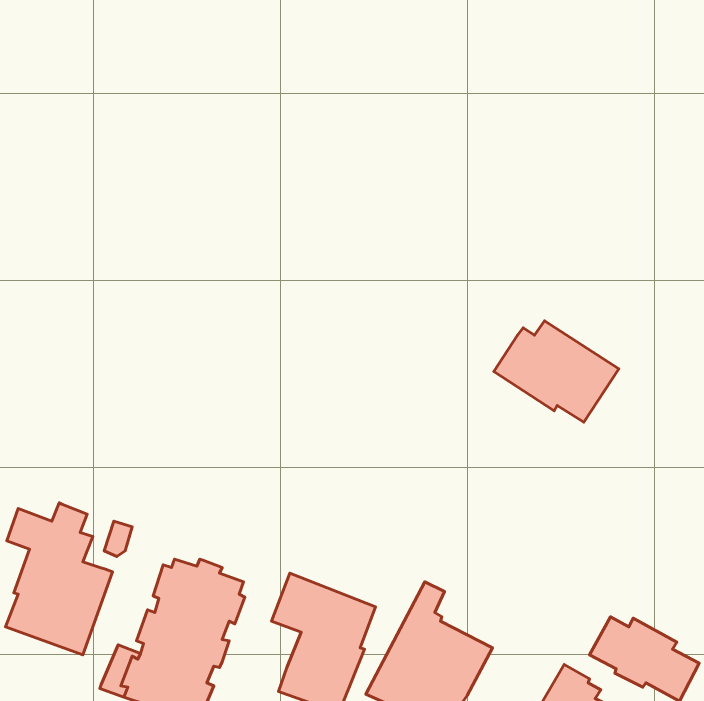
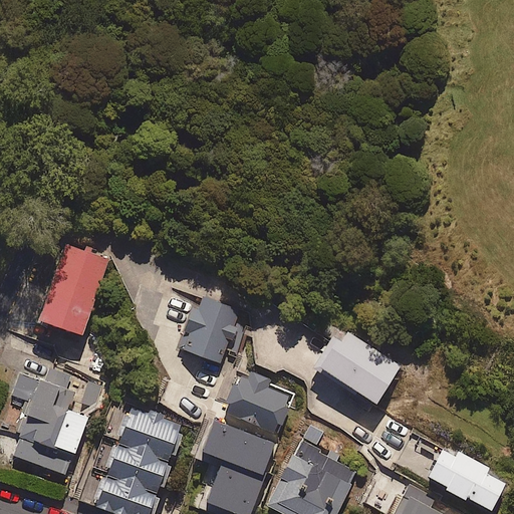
building: [494,321,619,422] -> [312,331,402,404]
building: none -> [38,244,109,336]
building: none -> [177,297,240,363]
building: none -> [226,370,289,433]

